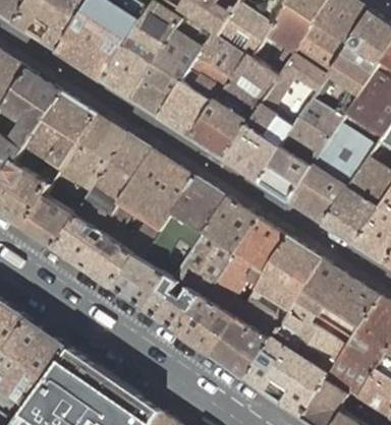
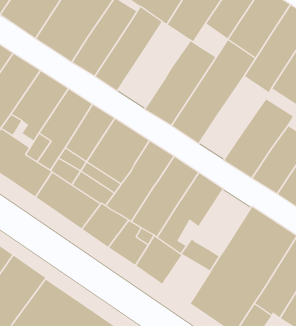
building: [162,36,253,143] -> none
building: [263,103,349,206] -> none
building: [260,242,328,315] -> none
building: [218,323,277,383] -> none

